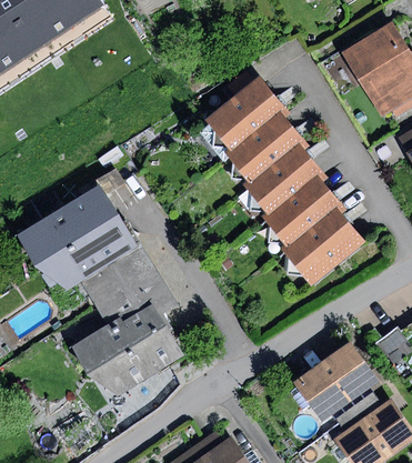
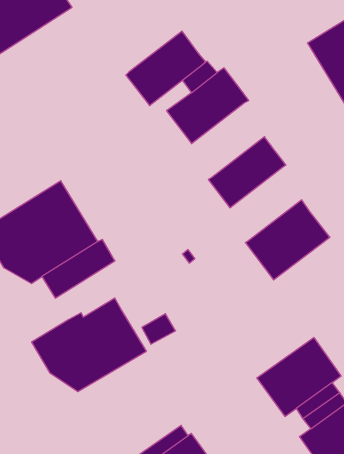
building: [224,111,303,184] -> [126,31,206,106]
building: [261,174,340,246] -> none
building: [94,270,174,324] -> none

